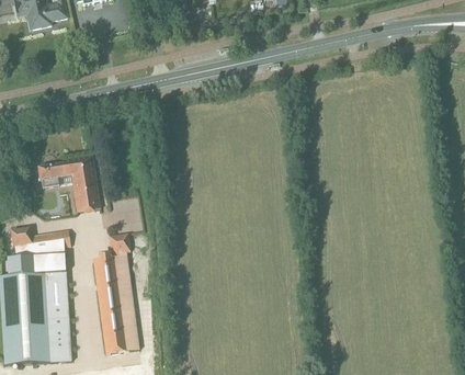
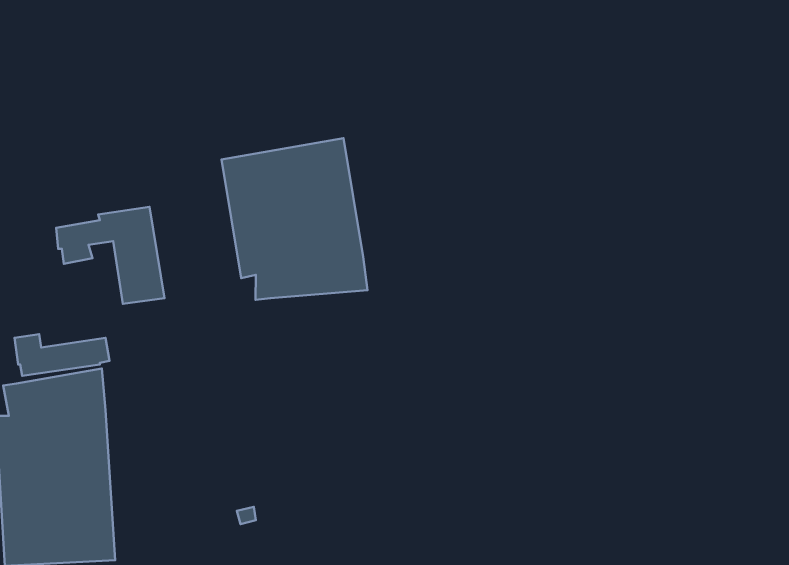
building: none -> [221,138,367,300]
building: [93,236,136,353] -> none

